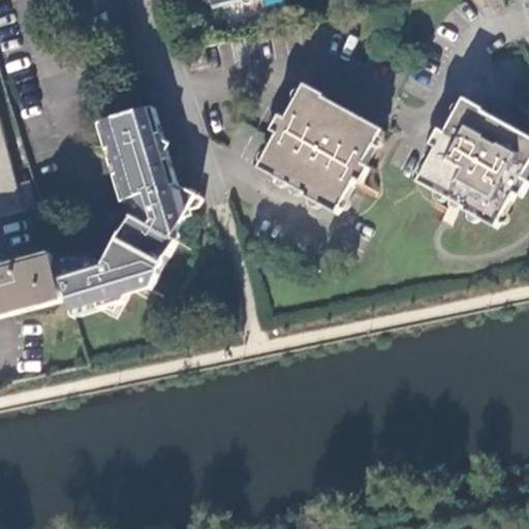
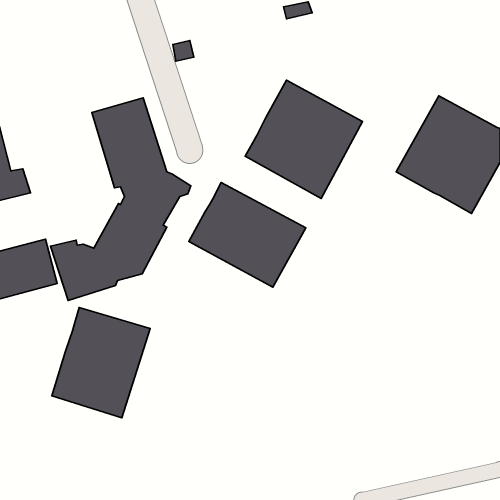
building: none -> [189,182,306,287]
building: none -> [52,307,150,418]

